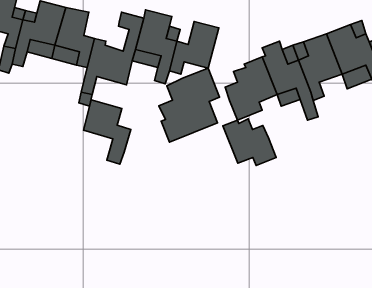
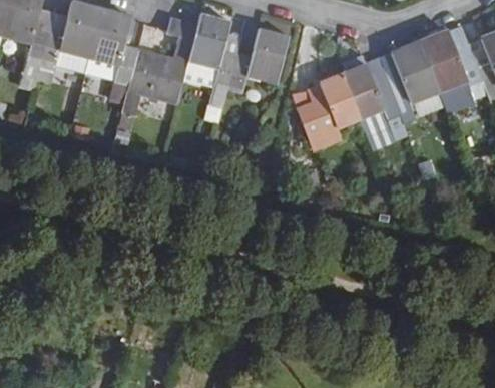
building: [159,68,220,142] -> none
building: [83,100,131,164] -> none
building: [223,119,276,166] -> none

